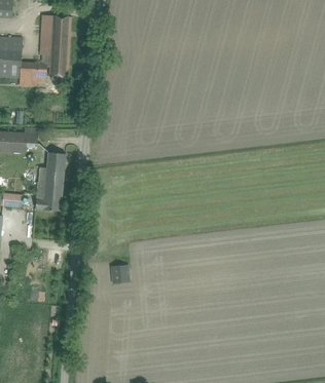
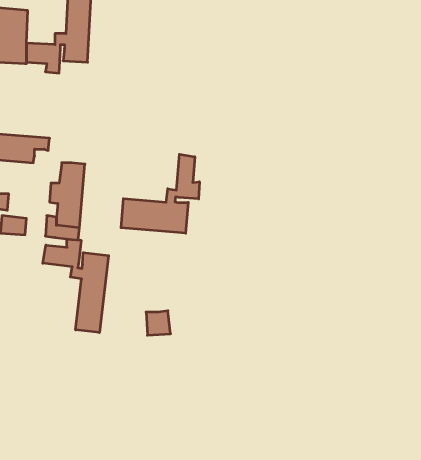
building: none -> [121,154,199,233]
building: none -> [43,239,109,333]

